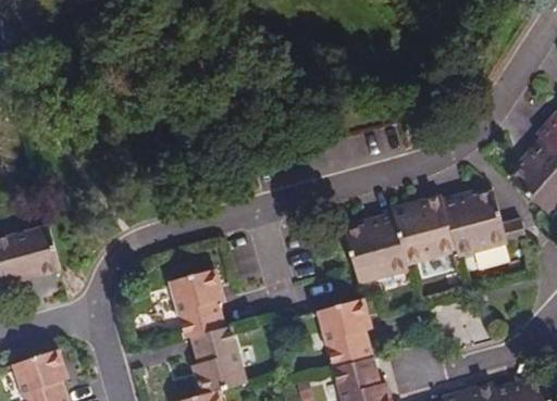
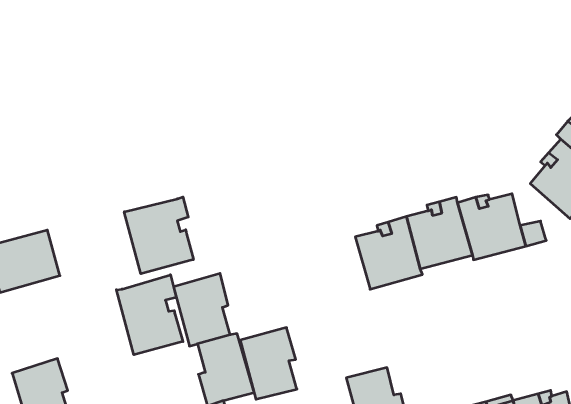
building: none -> [124,197,193,274]
building: none -> [116,275,183,355]
building: [319,300,373,368] -> [240,328,297,399]

